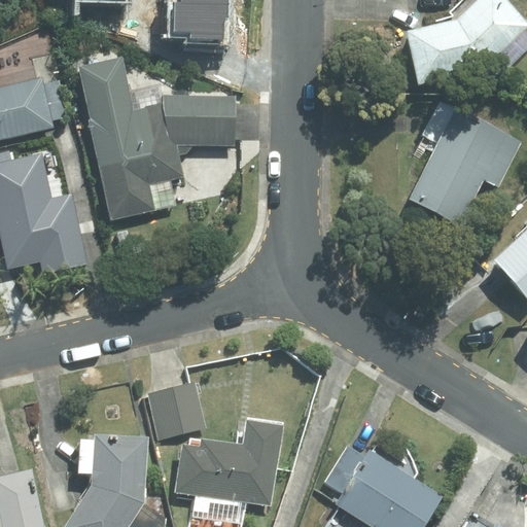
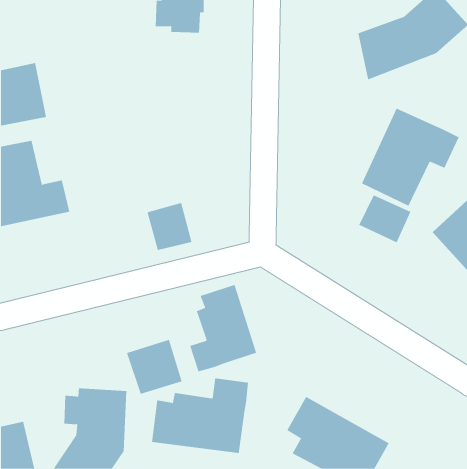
building: [75,54,236,222] -> none
building: none -> [359,194,411,243]
building: none -> [147,202,192,251]
building: none -> [189,284,257,372]

